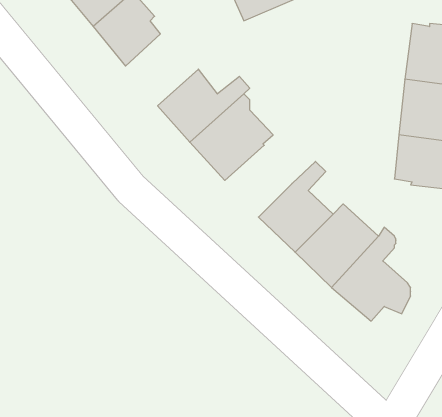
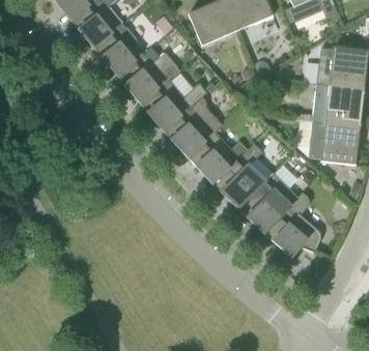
building: none -> [118,54,170,105]
building: none -> [189,133,236,183]

